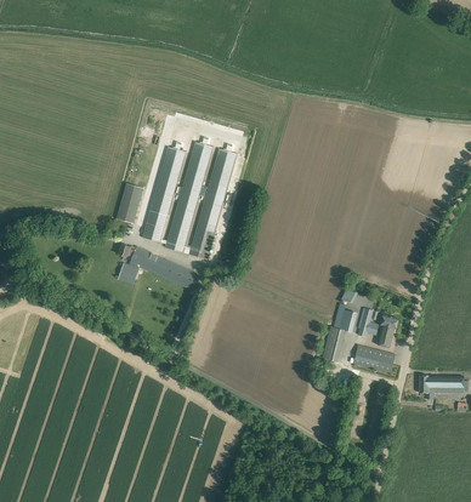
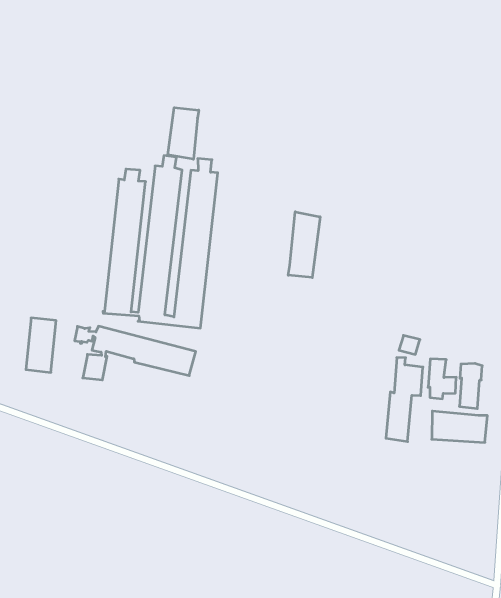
building: none -> [168,108,199,159]
building: [117,183,143,223] -> [26,318,56,372]
building: none -> [288,212,320,278]

